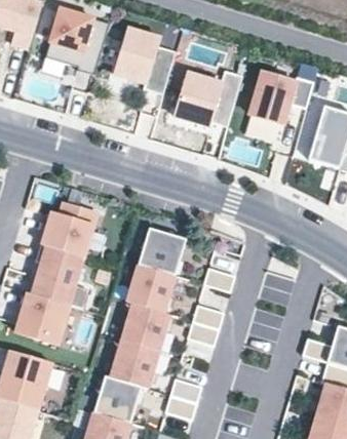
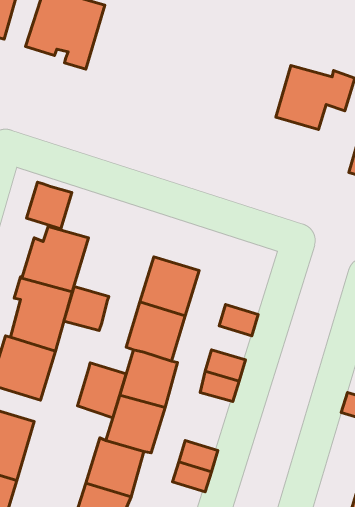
building: [114,28,175,94] -> none
building: [174,70,242,126] -> none
building: none -> [27,182,72,229]
building: none -> [64,286,109,331]
building: none -> [77,363,126,418]

